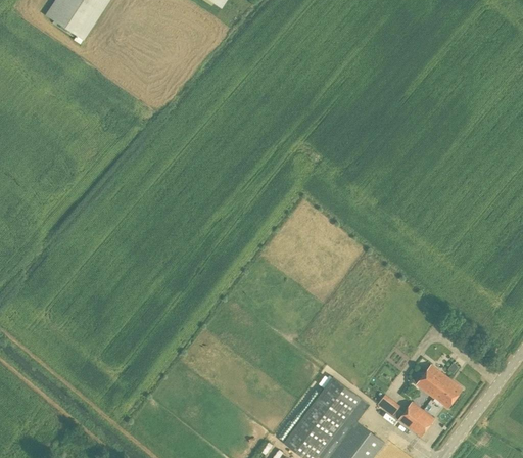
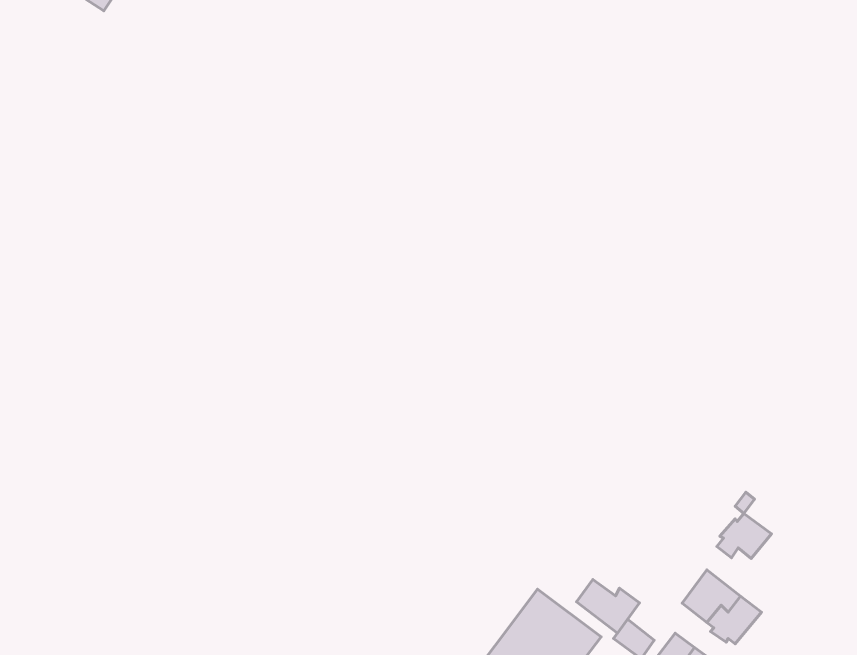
building: none -> [717,513,771,558]
building: none -> [577,580,639,633]

